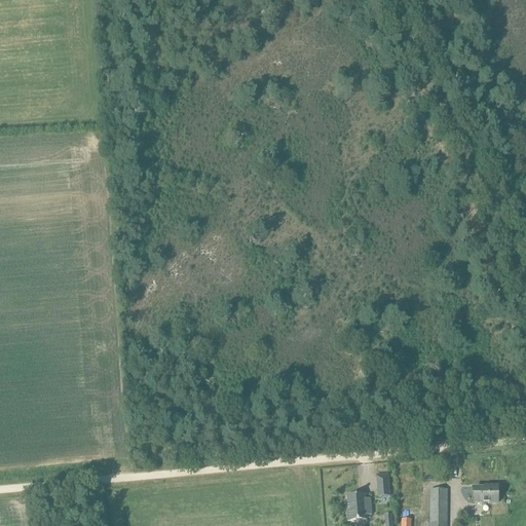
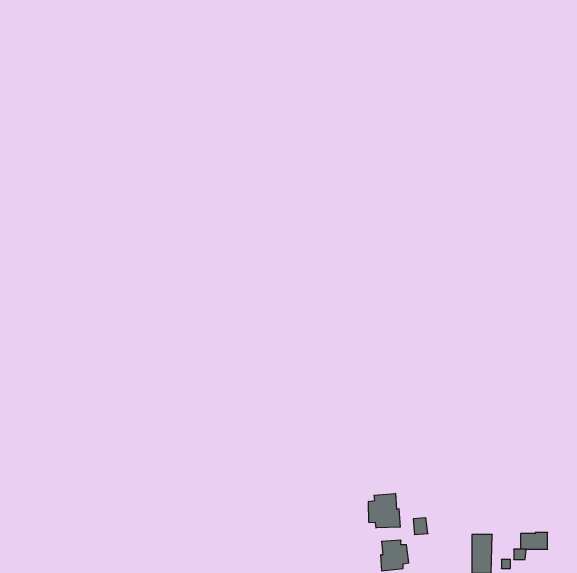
building: none -> [369,493,400,528]

